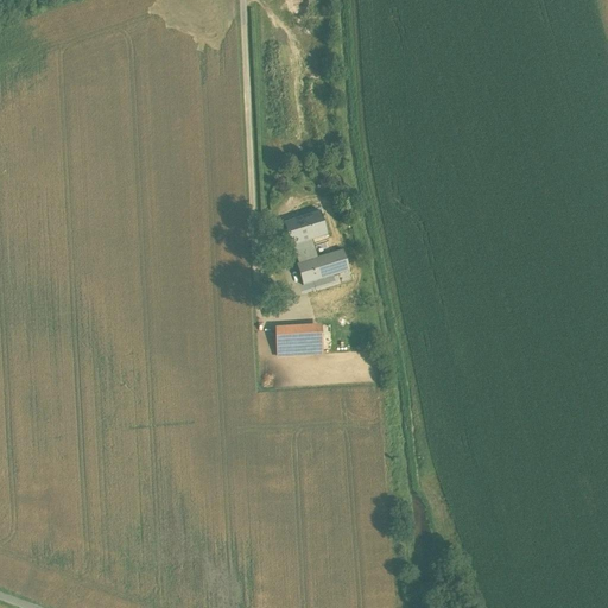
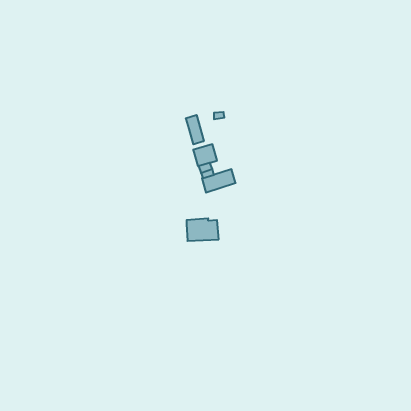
building: none -> [186,115,204,144]

